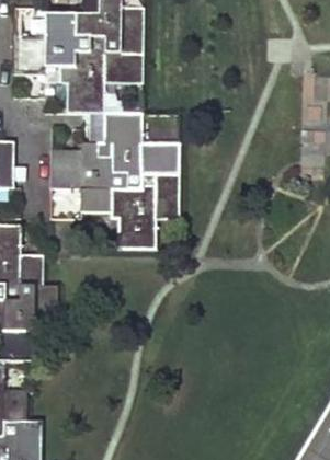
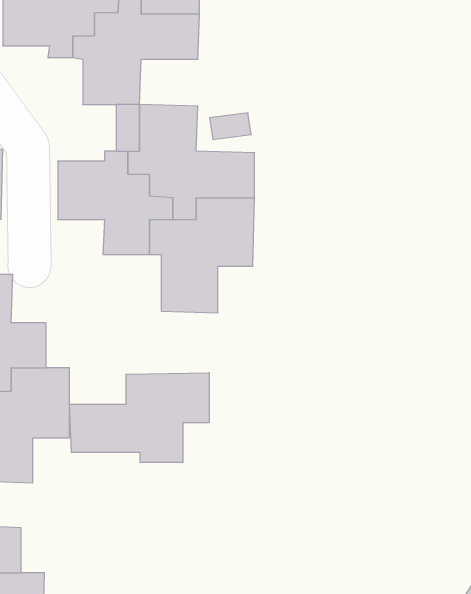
building: none -> [69,373,209,463]

